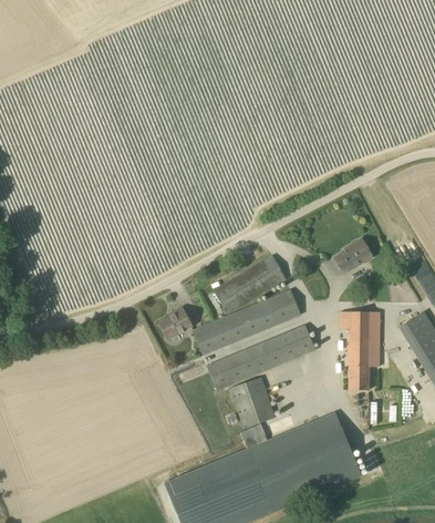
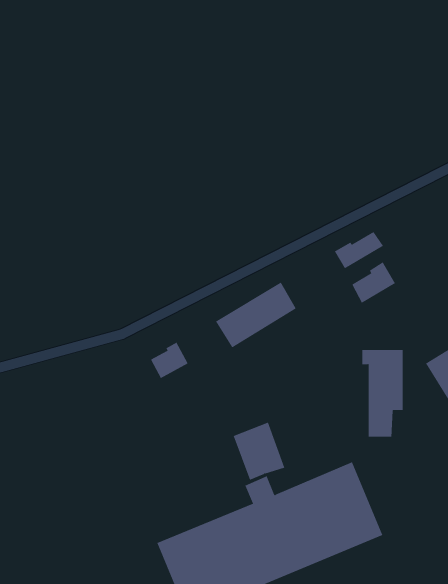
building: none -> [334,231,384,269]
building: [193,289,300,355] -> none
building: [207,325,315,390] -> none

